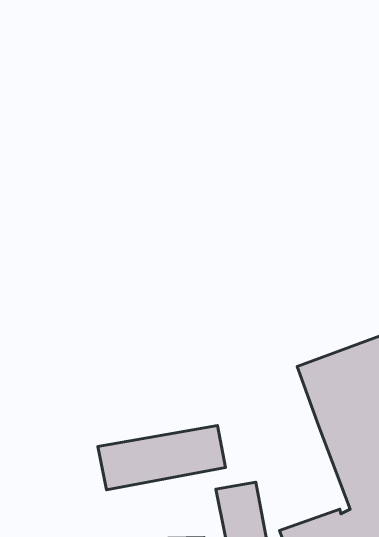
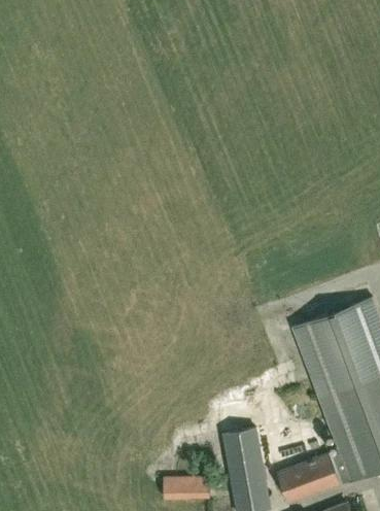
building: [98,426,226,490] -> none

